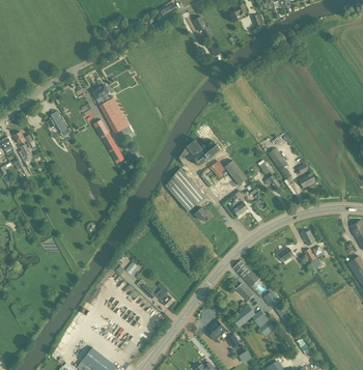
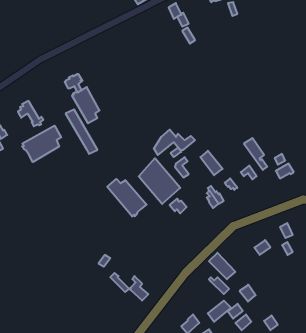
building: none -> [22,126,61,162]
building: none -> [107,179,147,217]

